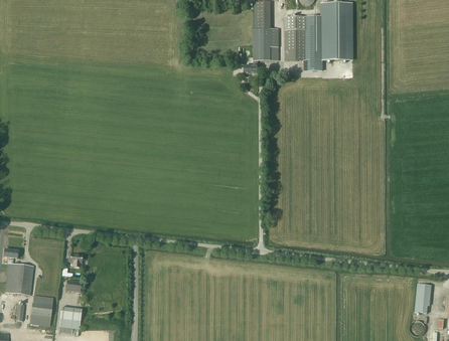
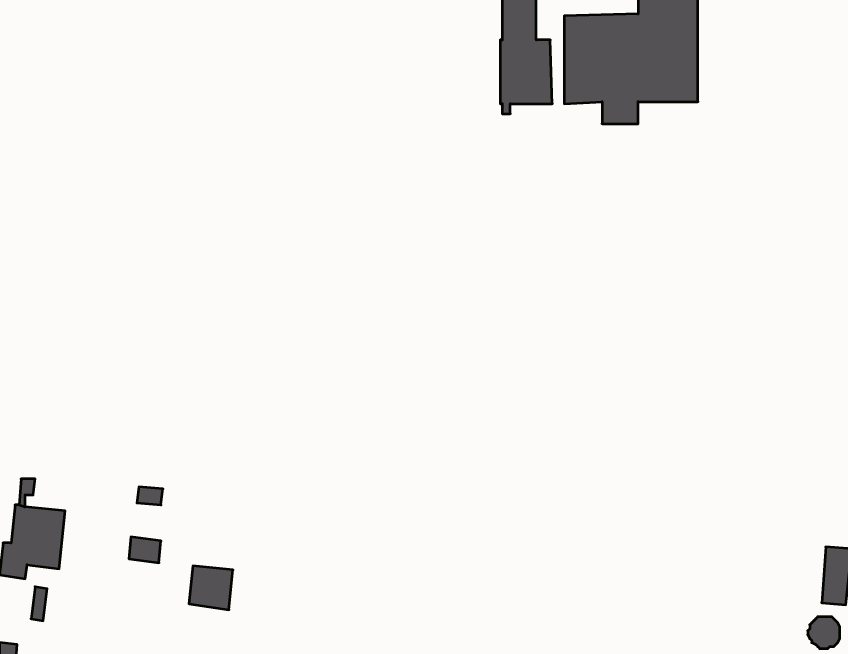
building: [29,295,53,325] -> none
building: [59,307,82,329] -> [189,566,233,610]

